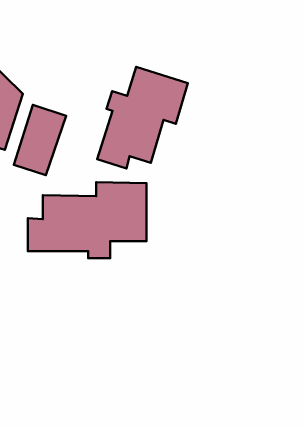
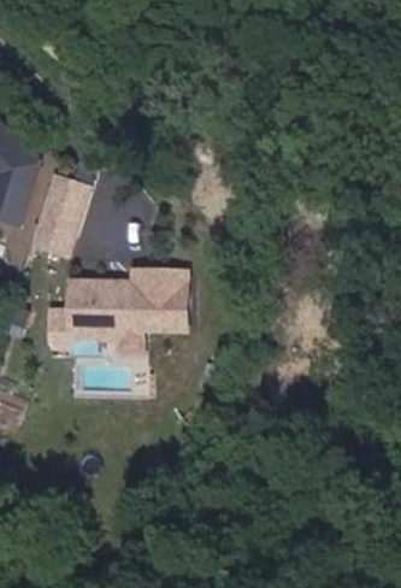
building: [97,67,188,168] -> none

